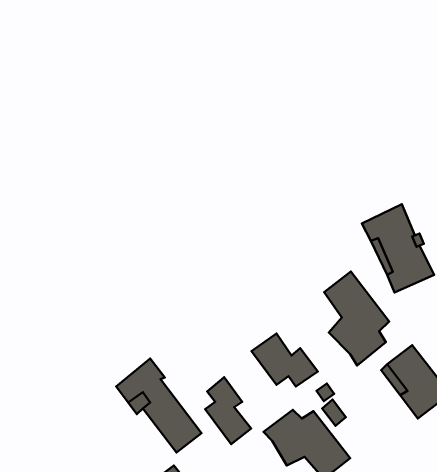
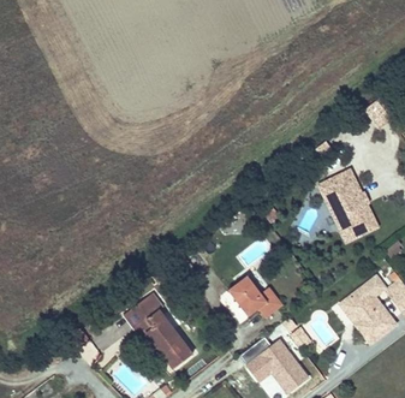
building: [324,272,389,365] -> none
building: [205,377,251,444] -> none

